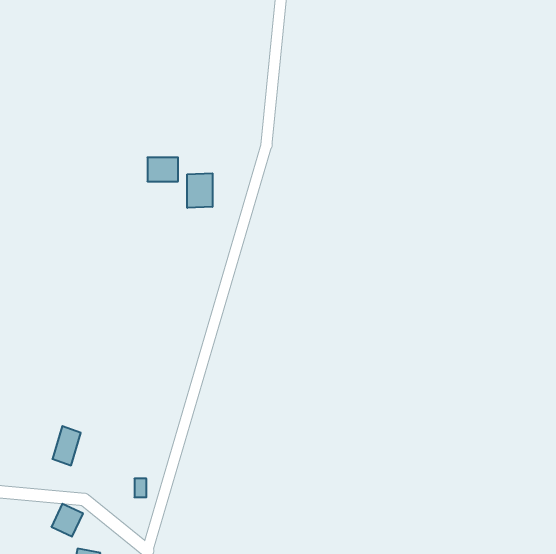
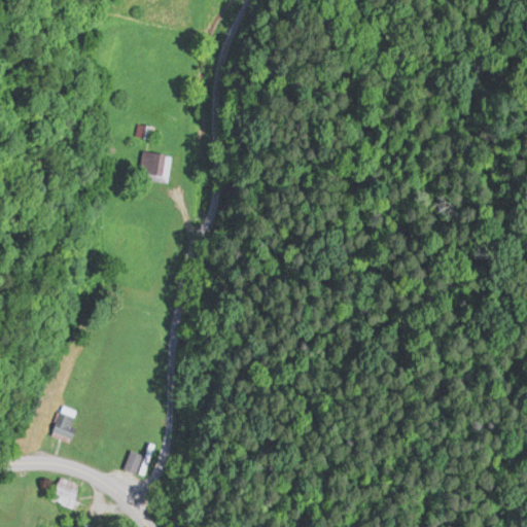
building: [187,173,212,208] -> none

